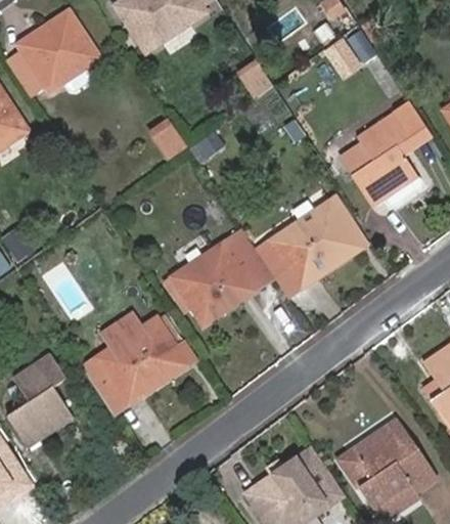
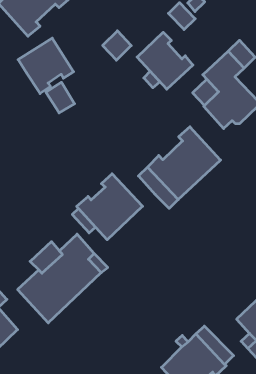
building: none -> [18,38,74,94]
building: none -> [137,32,193,89]
building: [224,228,274,288] -> none

